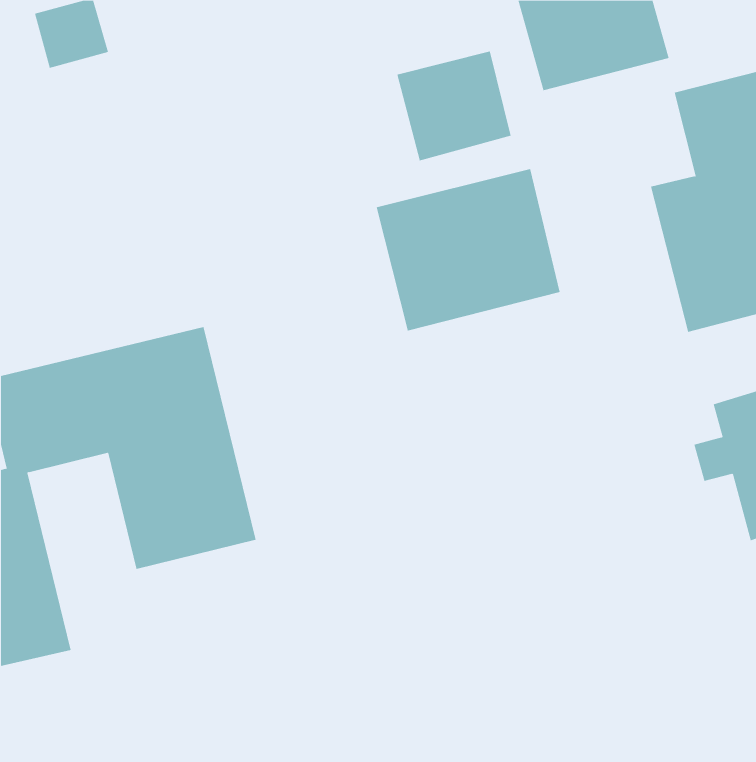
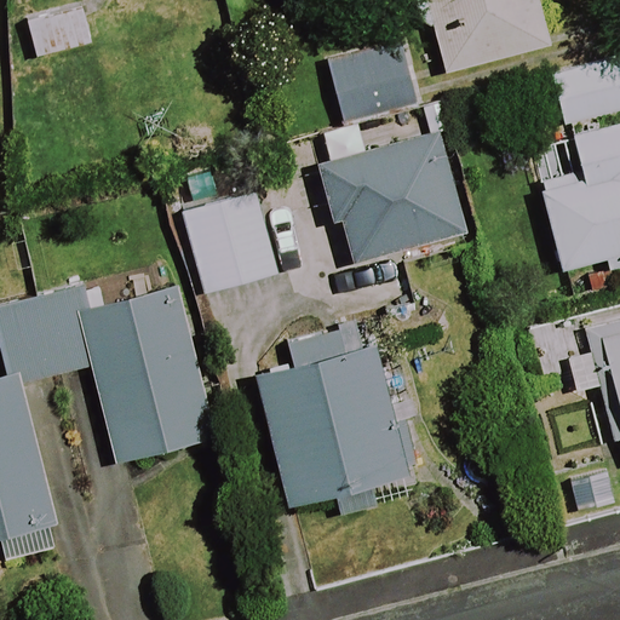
building: none -> [183,194,280,295]
building: none -> [258,326,406,505]

